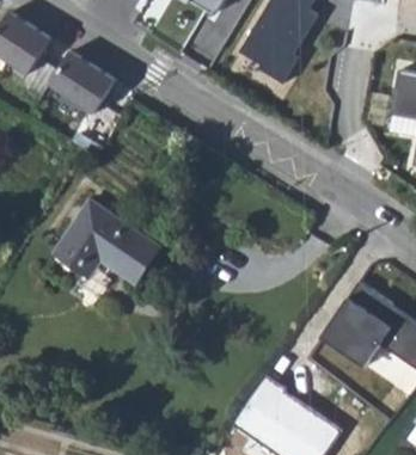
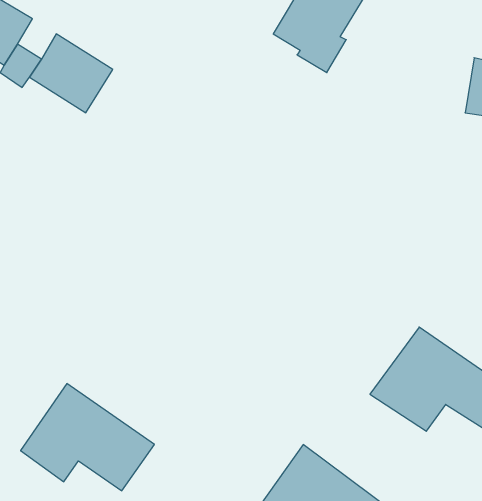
building: [53,201,160,287] -> [21,384,154,491]

